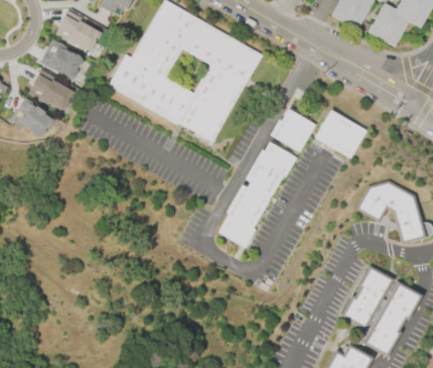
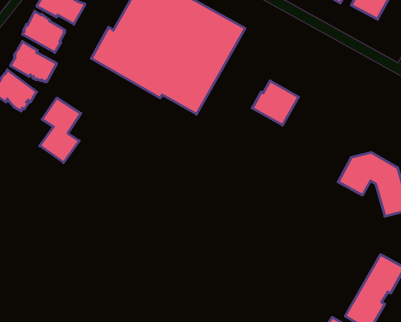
building: [315,109,368,158] -> none
building: none -> [40,98,81,163]
building: [219,141,297,247] -> none
building: [340,264,394,330] -> none

